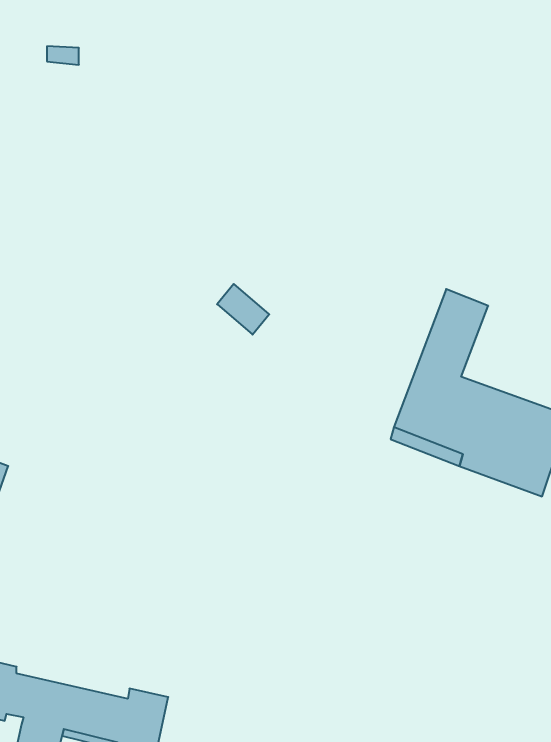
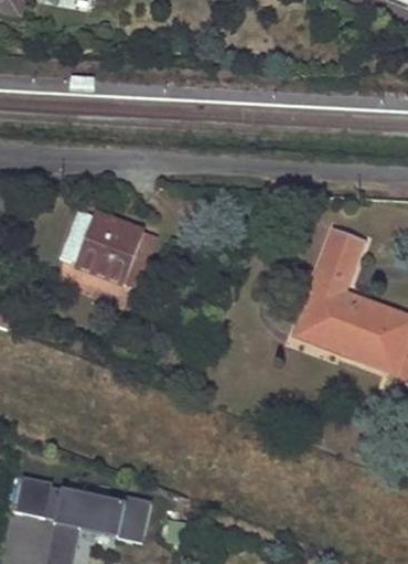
building: none -> [60,207,158,288]

